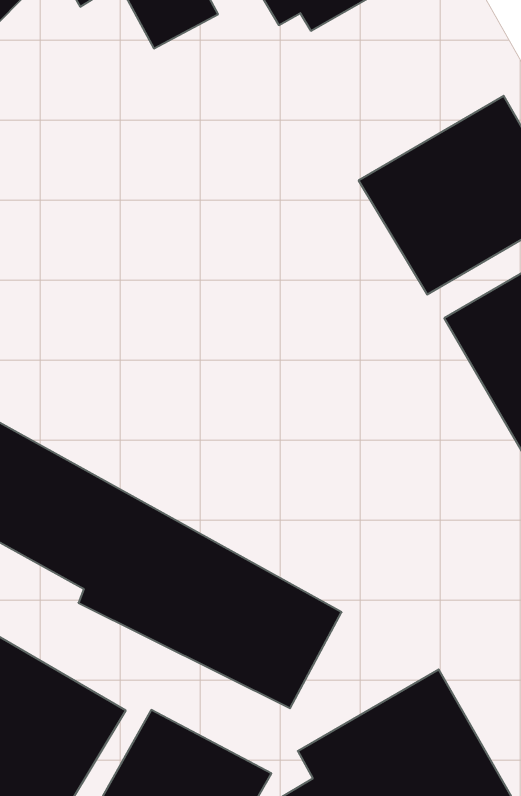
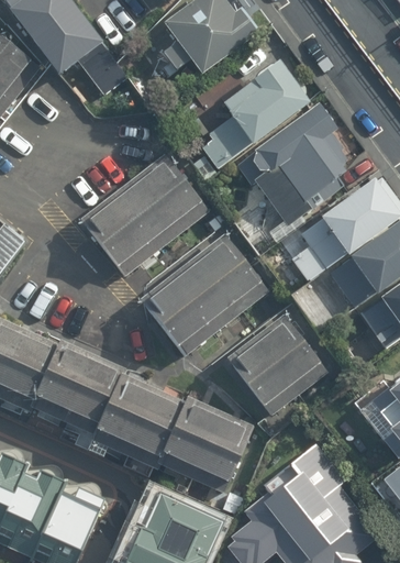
building: none -> [199,55,318,170]
building: none -> [79,154,204,272]
building: none -> [143,236,267,352]
building: none -> [224,312,325,417]

